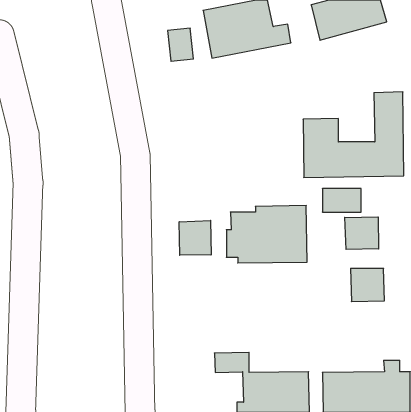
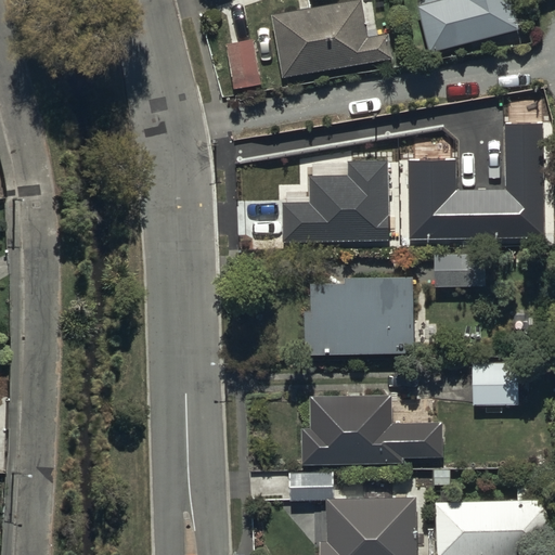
building: none -> [282,160,388,242]
building: [345,217,379,249] -> none
building: [179,220,211,255] -> none
building: none -> [301,393,443,464]

